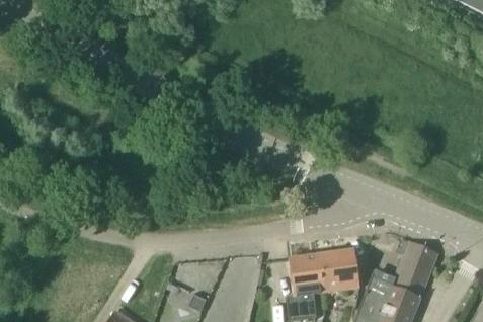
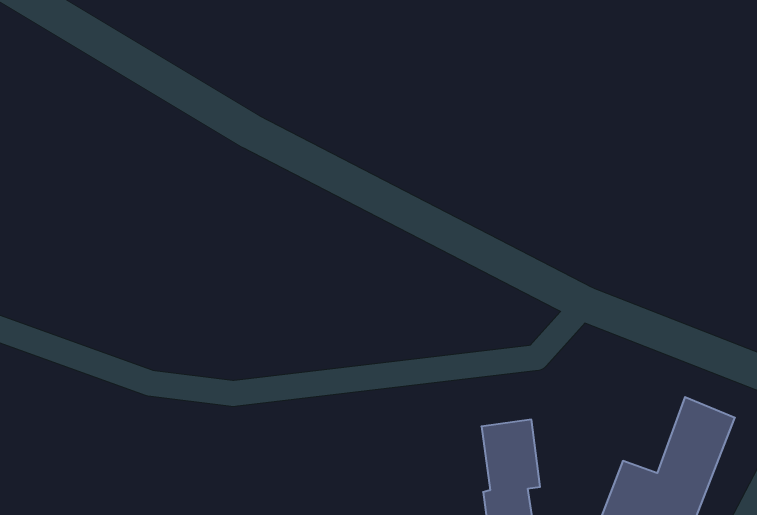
building: [318,248,359,293] -> none

